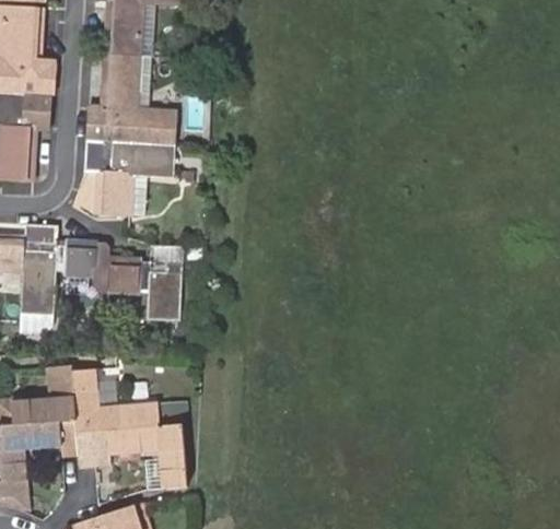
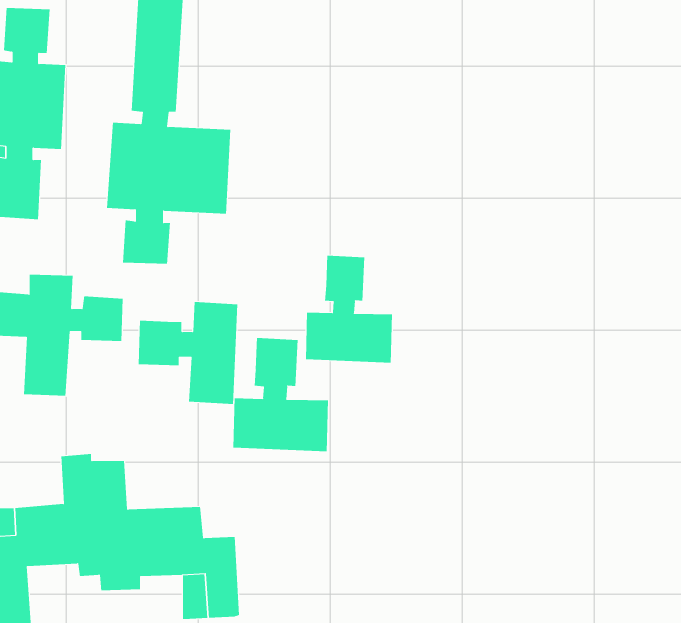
building: none -> [305,255,392,363]
building: none -> [233,337,329,452]

